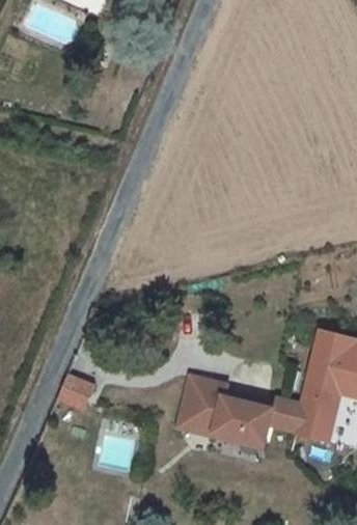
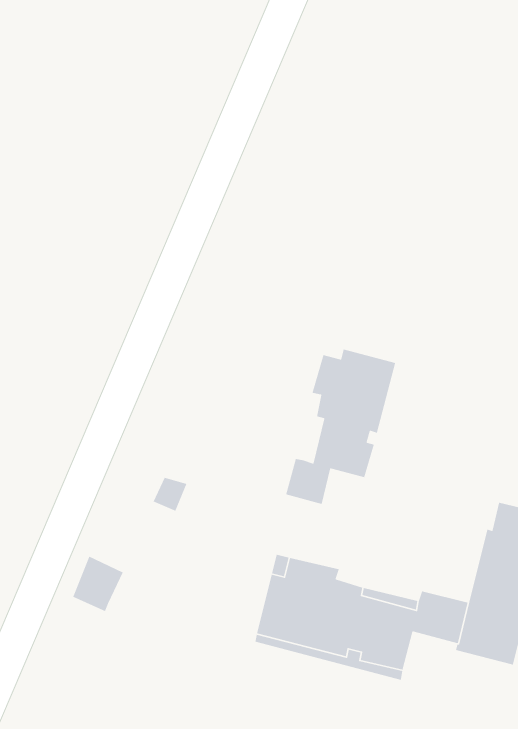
building: none -> [285,348,396,505]

